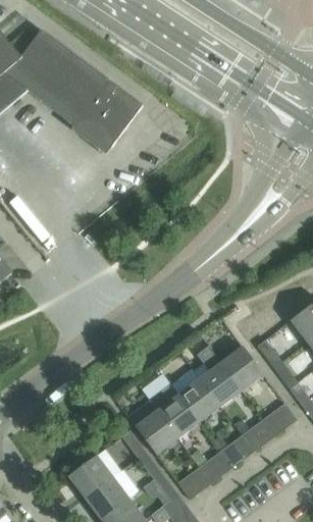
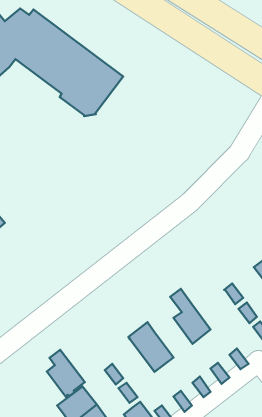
building: [220,346,264,390] -> none
building: [178,377,221,422] -> none
building: [136,402,178,455] -> [47,350,85,397]

